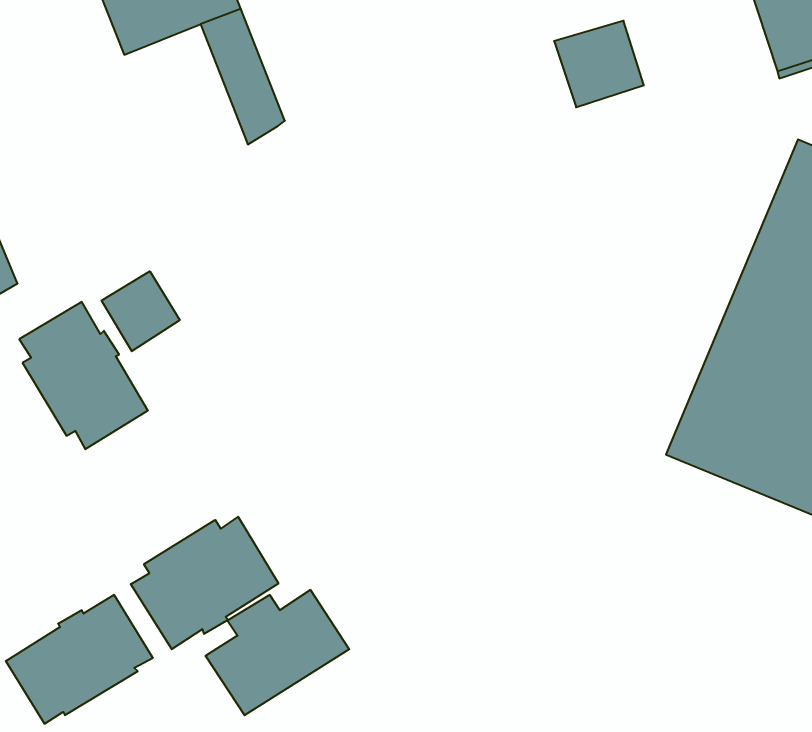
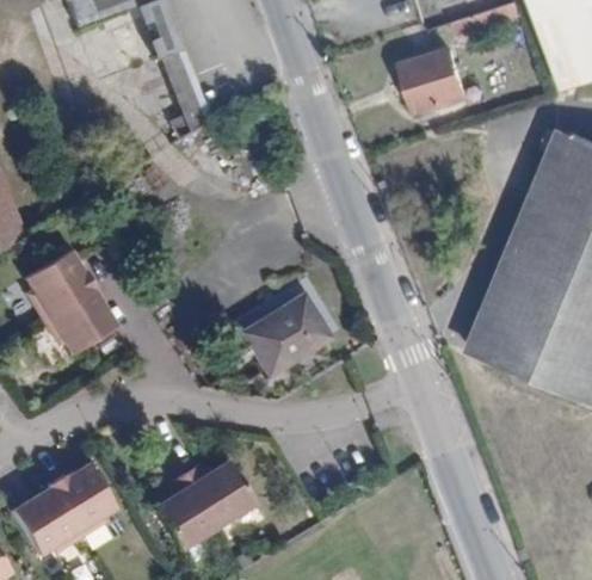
building: [102,271,180,351] -> none
building: none -> [241,296,325,374]
building: [131,517,278,649] -> none

